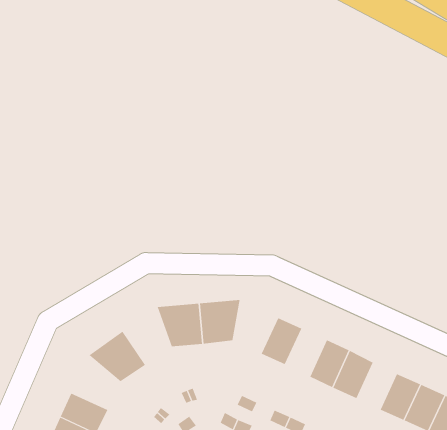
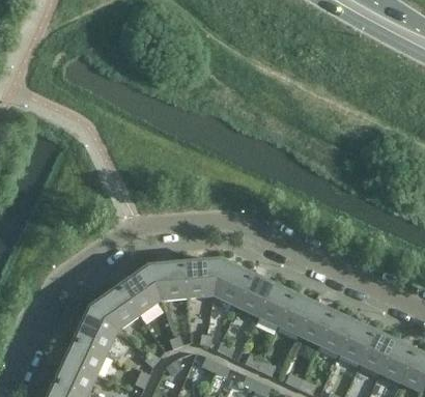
building: none -> [214,259,252,306]
building: none -> [119,265,161,315]
building: none -> [258,284,293,325]
building: none -> [75,307,117,353]
building: none -> [319,313,353,353]

